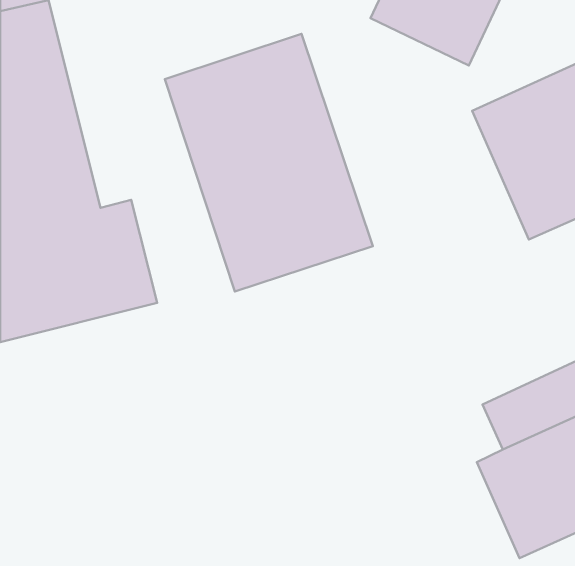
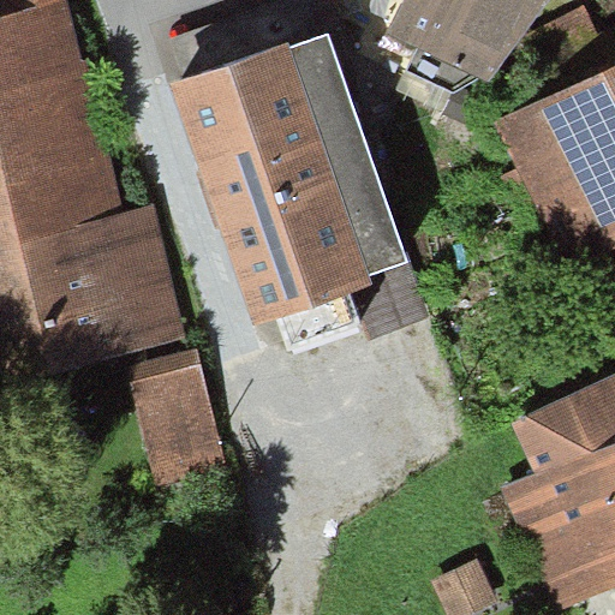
building: none -> [125,351,225,482]

